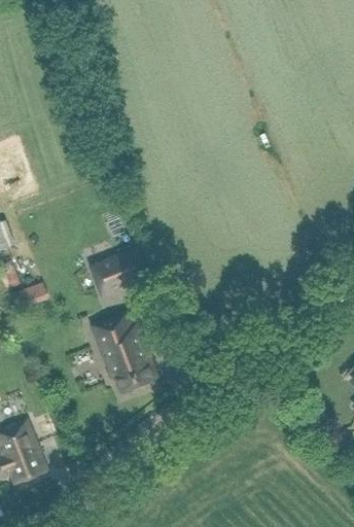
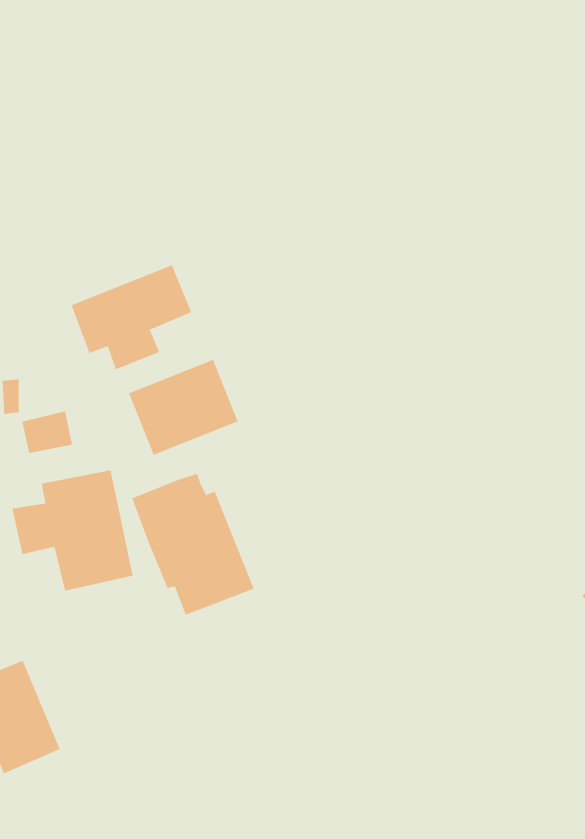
building: none -> [71,265,192,370]
building: none -> [12,470,133,591]

